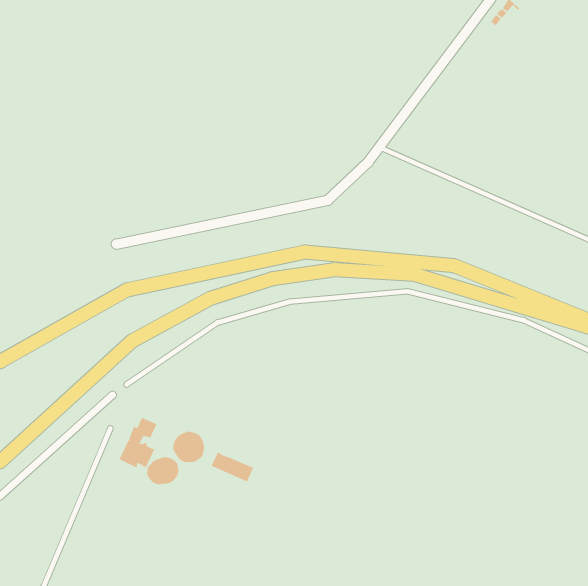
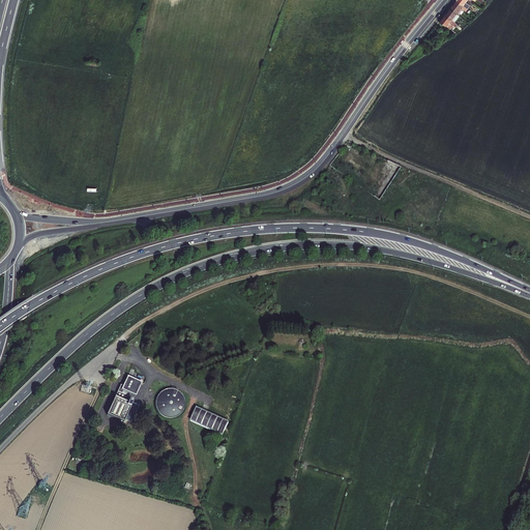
building: [146,457,179,485] -> none

